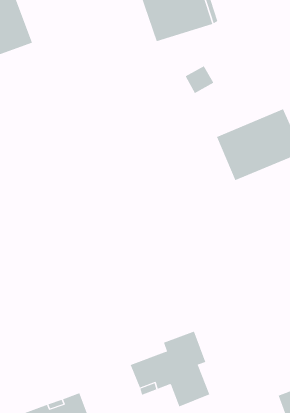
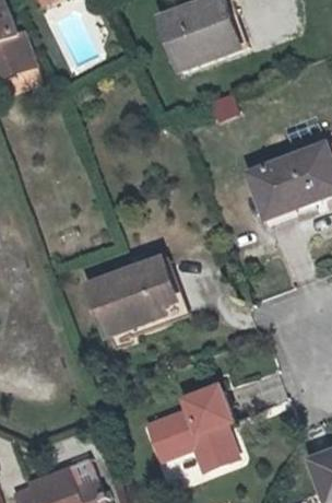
building: none -> [92,256,179,331]

